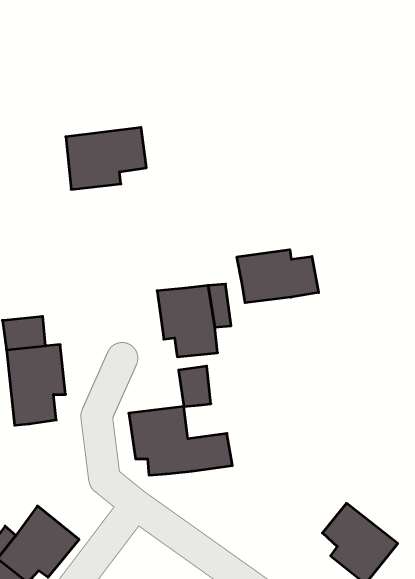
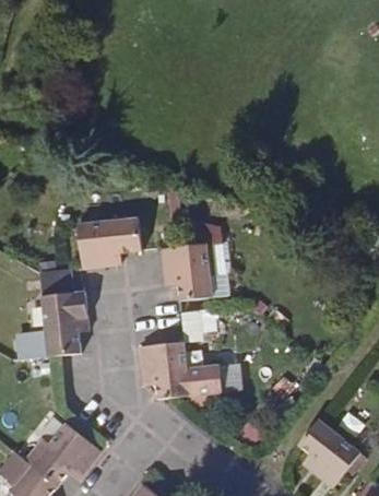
building: [66,127,146,189] -> [76,217,142,268]
building: [237,250,319,303] -> none

